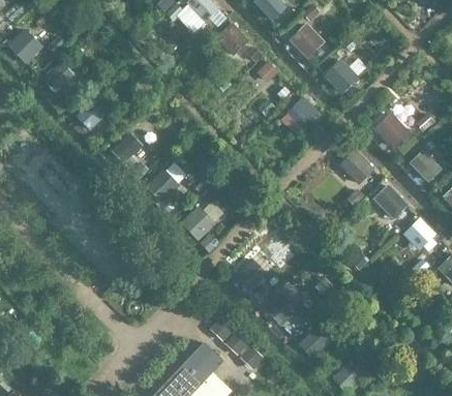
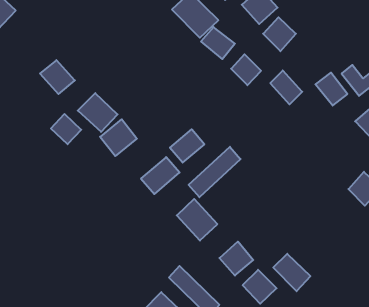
building: [42,59,79,95] -> none
building: [340,149,374,185] -> [270,70,302,104]
building: none -> [51,114,81,144]
building: none -> [170,129,204,163]
building: [372,183,405,216] -> none
building: none -> [189,147,241,197]
building: none -> [273,254,310,291]

